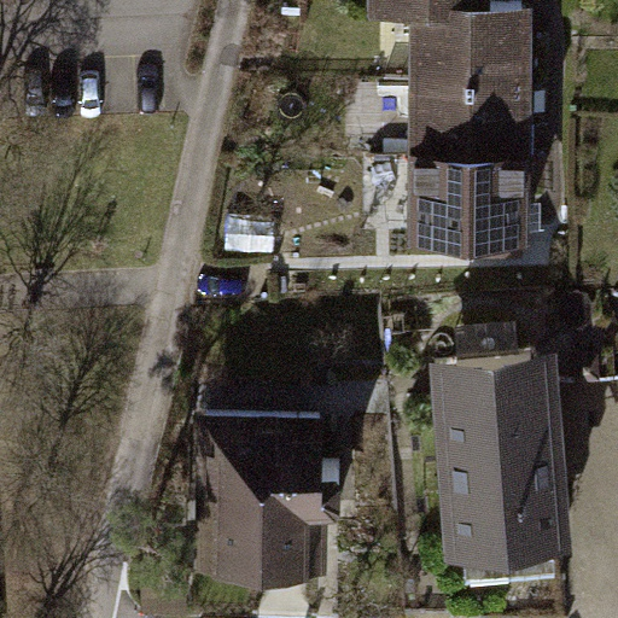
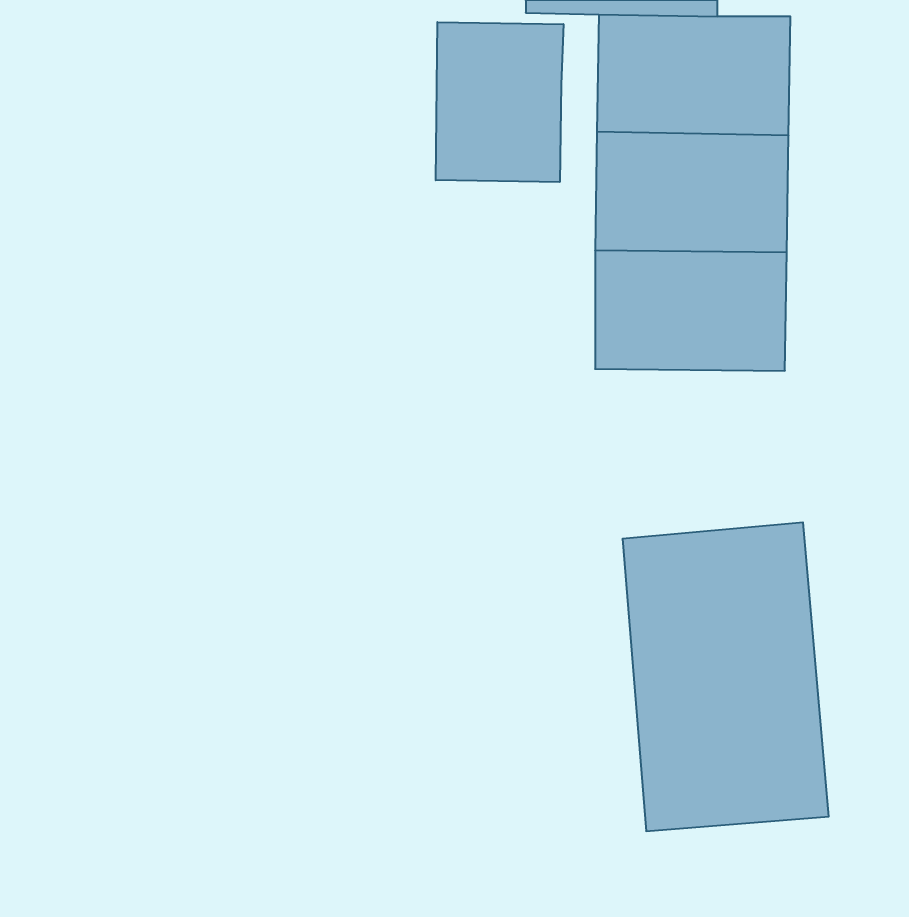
building: none -> [436,22,563,182]
building: [206,432,339,578] -> none

